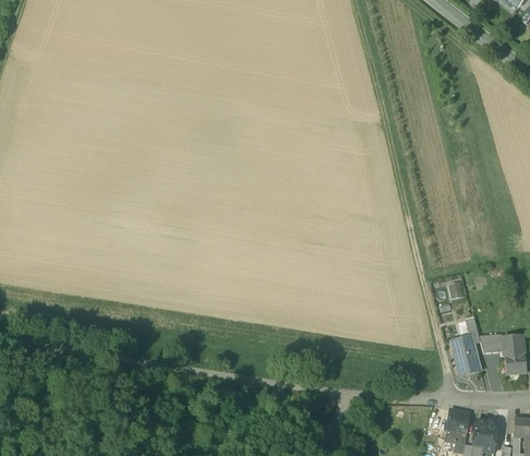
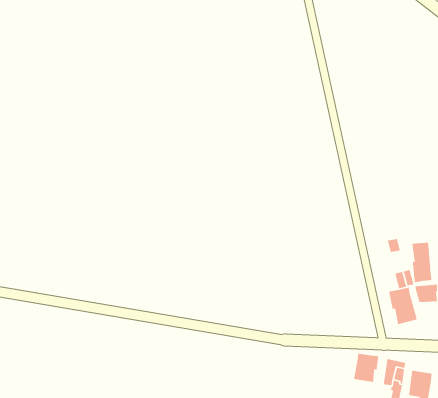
building: none -> [411,242,432,283]
building: none -> [353,352,379,383]

